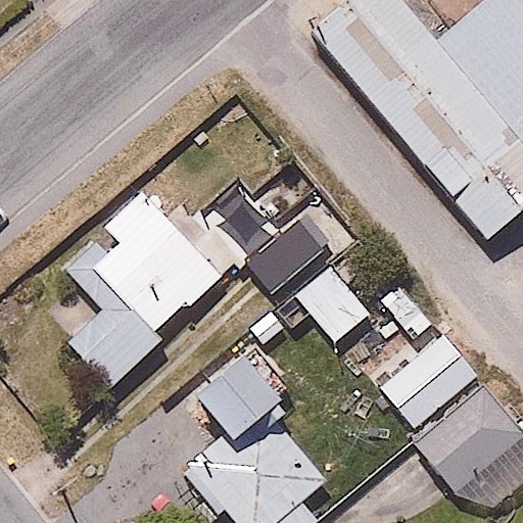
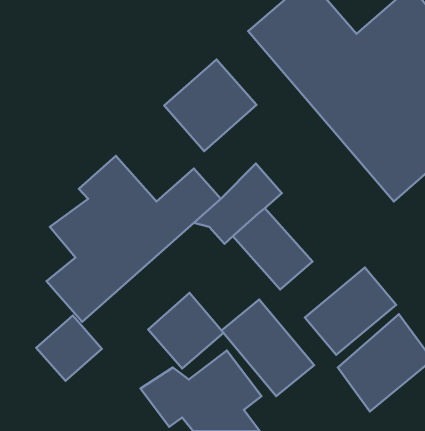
building: none -> [164,59,256,151]
building: none -> [222,299,314,396]
building: none -> [36,315,102,381]

